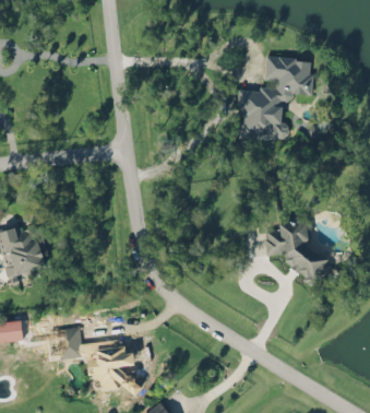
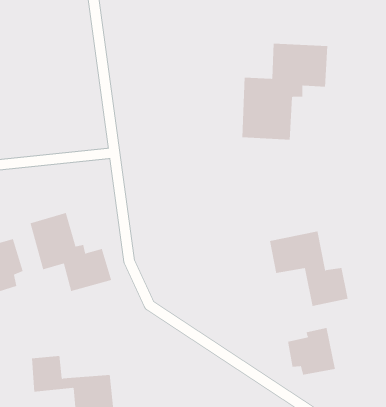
building: none -> [30,212,112,292]
building: none -> [287,327,335,376]

